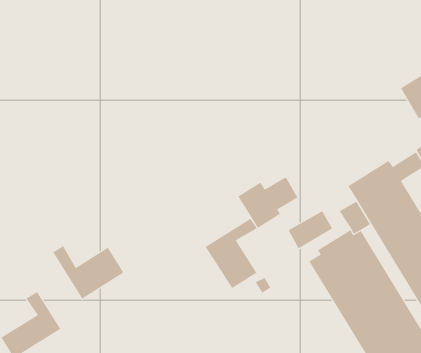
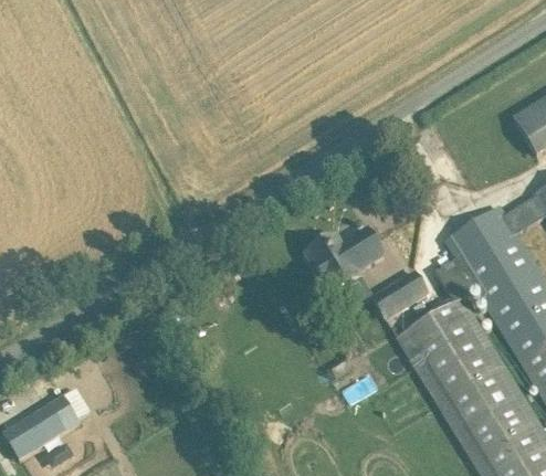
building: [205,218,257,289] -> none
building: [53,245,124,300] -> none

